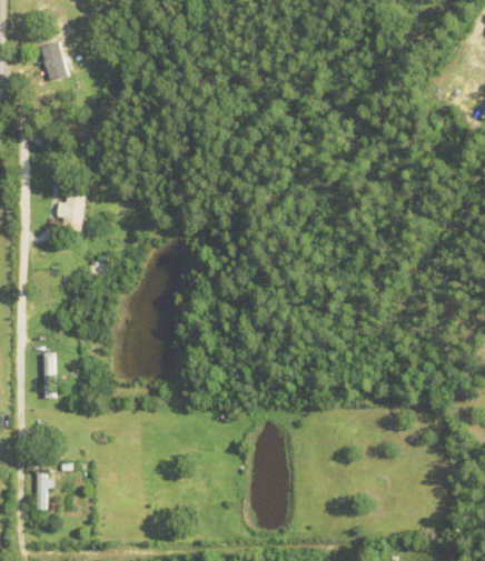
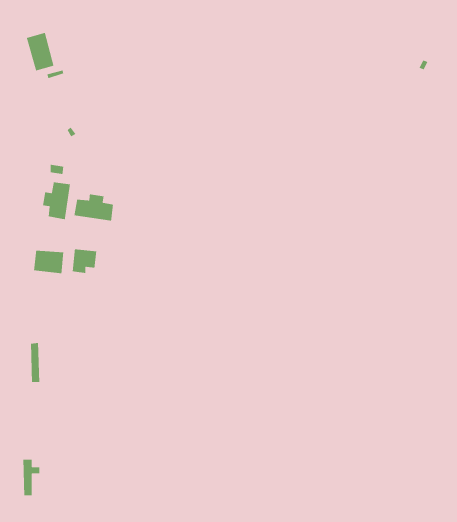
building: none -> [74,193,114,222]
building: none -> [33,250,64,274]

